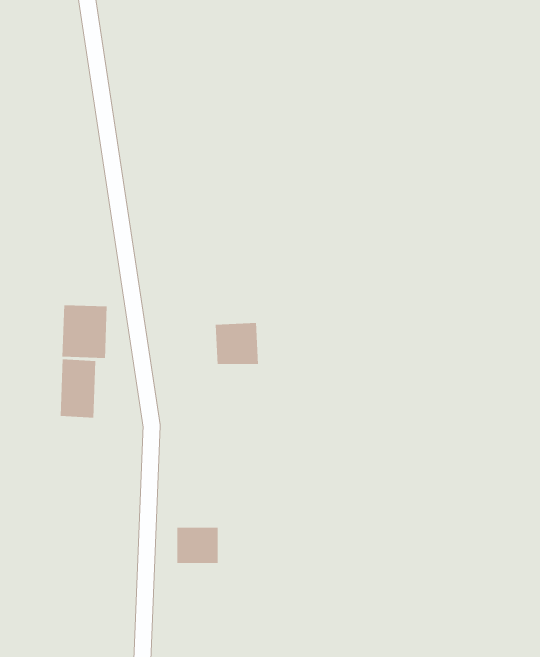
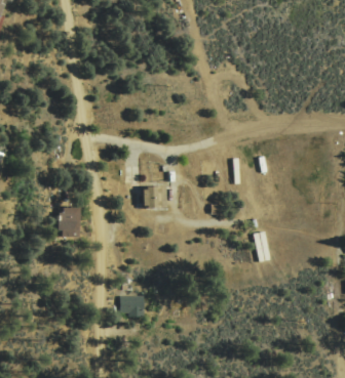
building: [62,304,107,359] -> none

